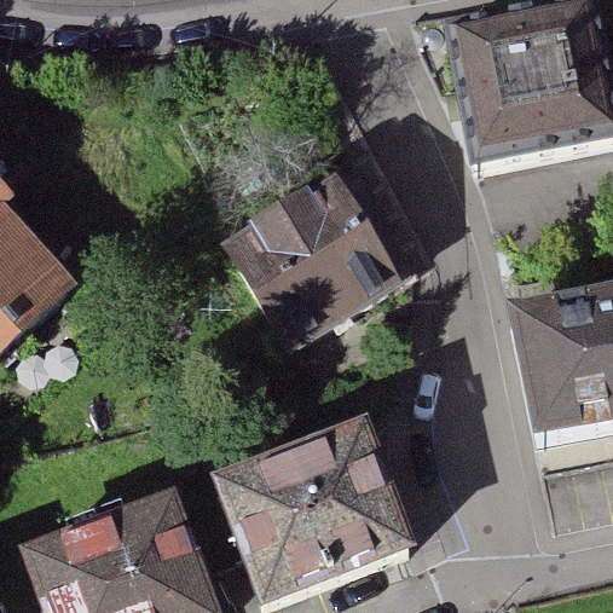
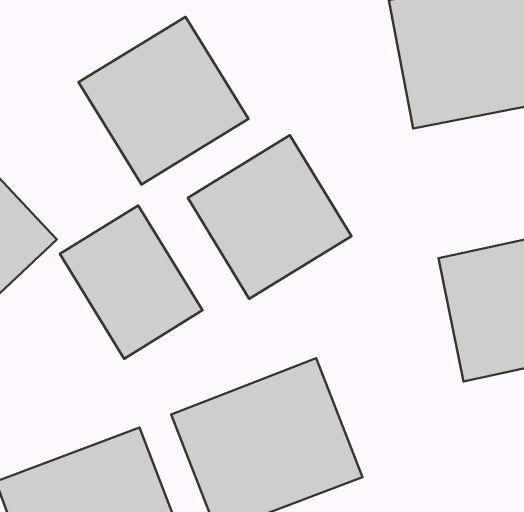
building: none -> [79,17,248,184]
building: none -> [60,206,202,359]

